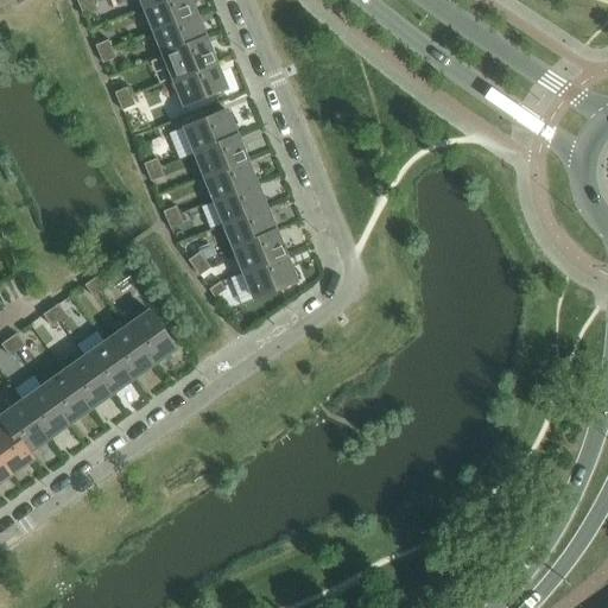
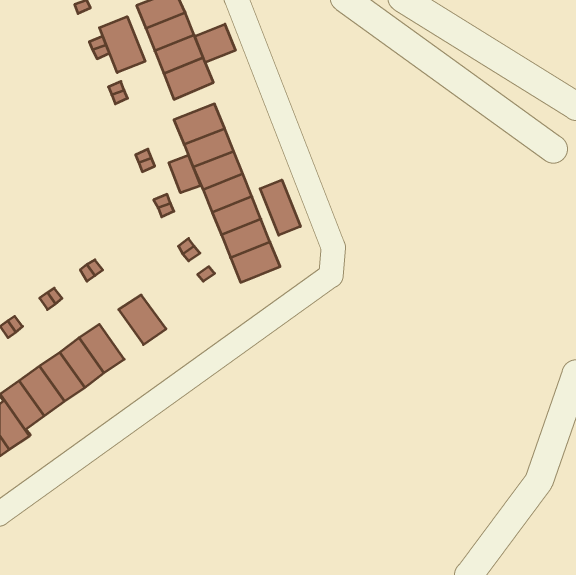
building: none -> [99,17,145,73]
building: none -> [195,24,235,63]
building: none -> [169,155,201,193]
building: none -> [260,180,300,235]
building: [104,325,151,378] -> none

